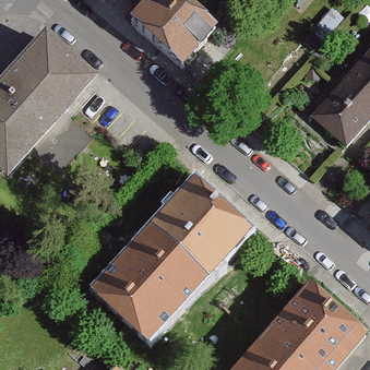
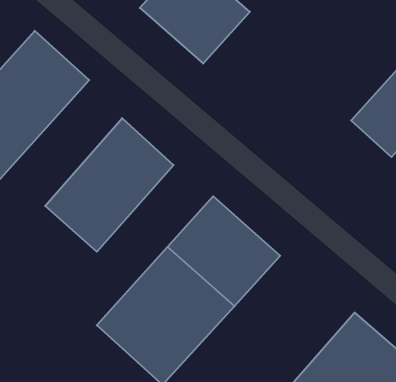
building: none -> [45,118,174,252]

